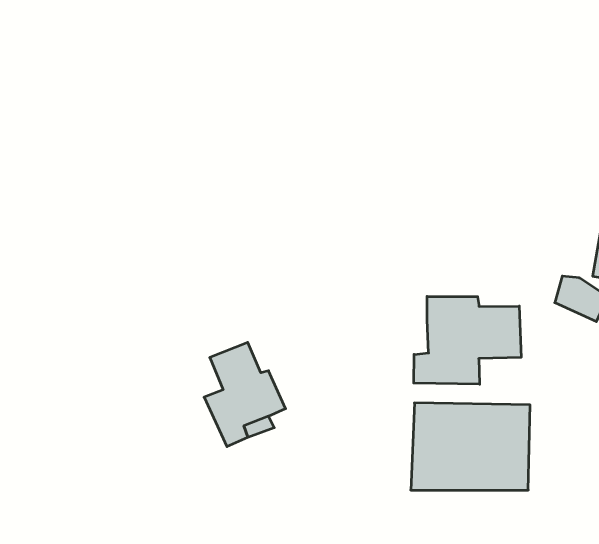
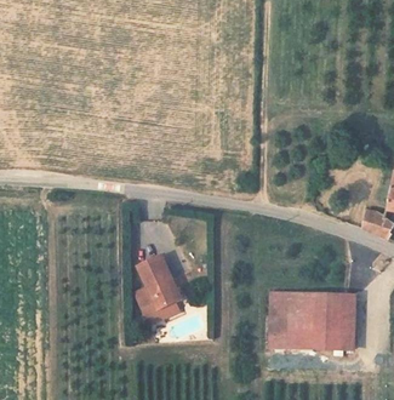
building: [414,296,521,384] -> none

